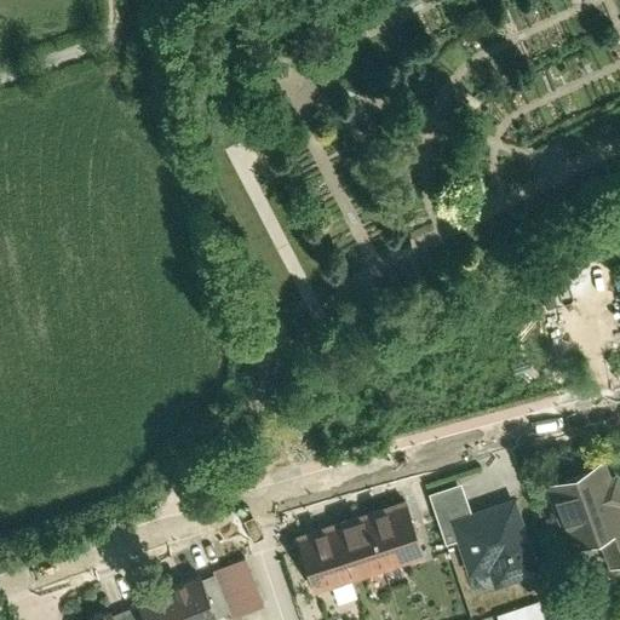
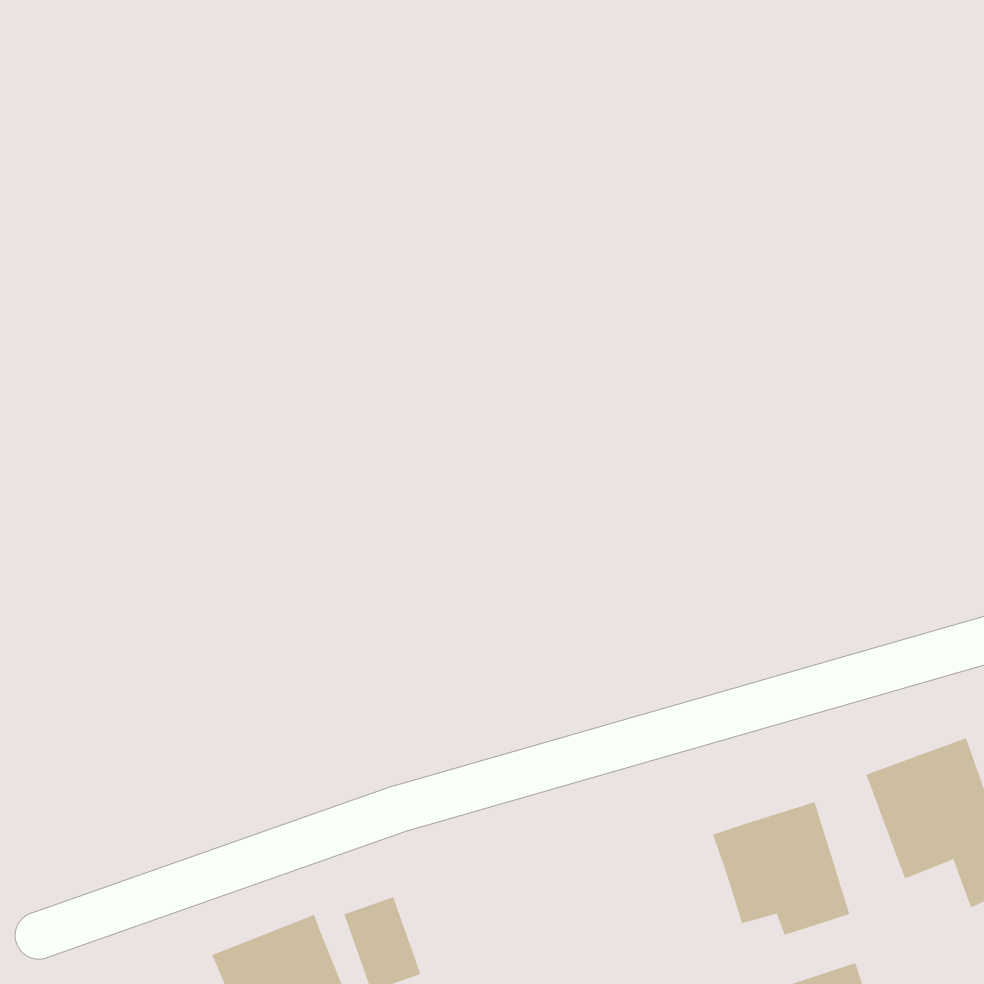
building: [429,488,471,550] -> none
building: [298,501,427,595] -> none

